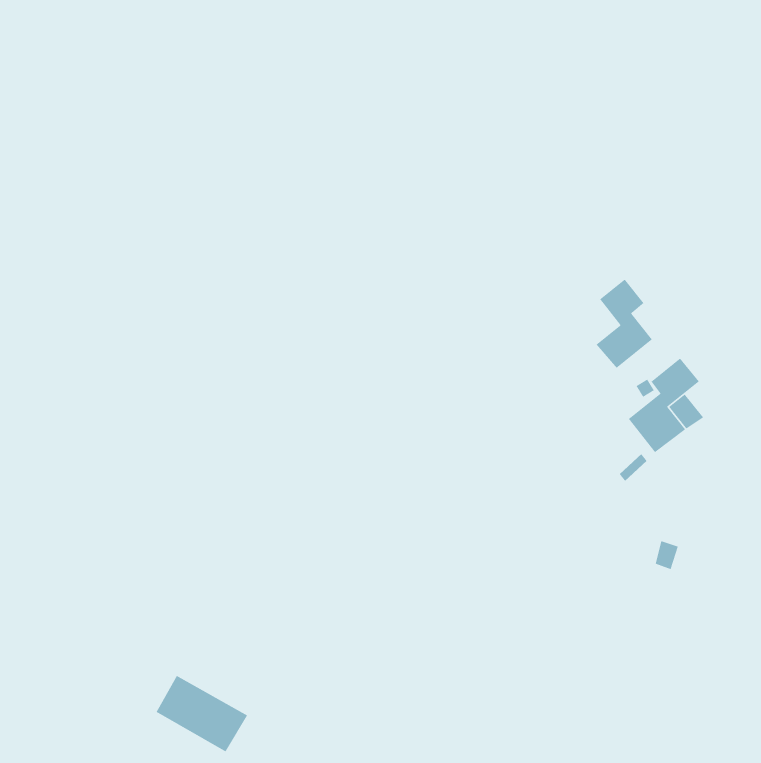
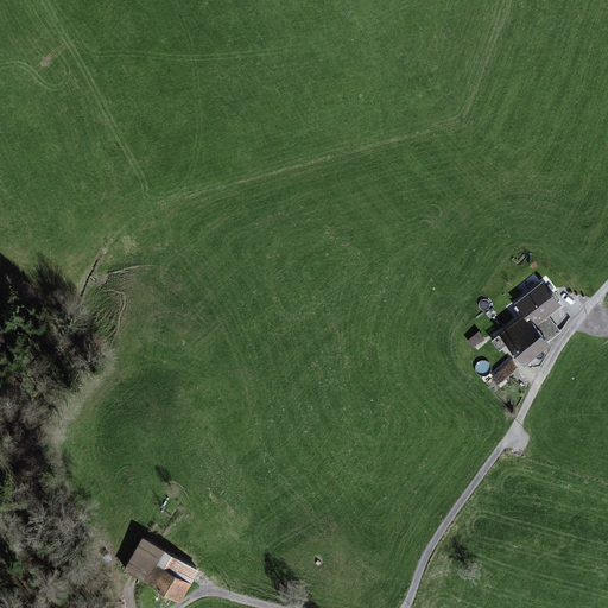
building: [595,279,653,369] -> none

